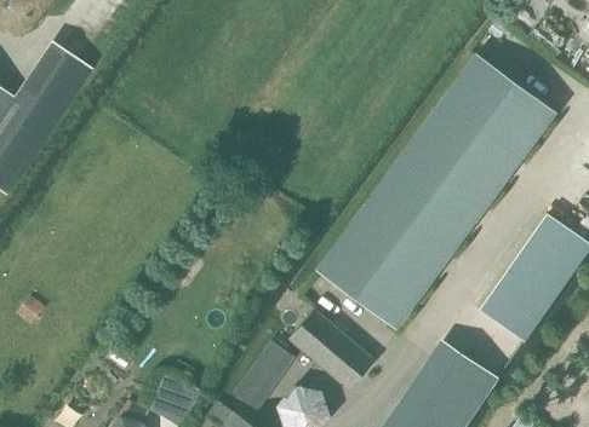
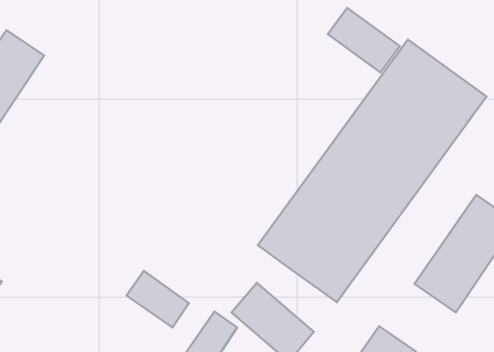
building: none -> [328,8,400,72]
building: none -> [126,271,189,327]

